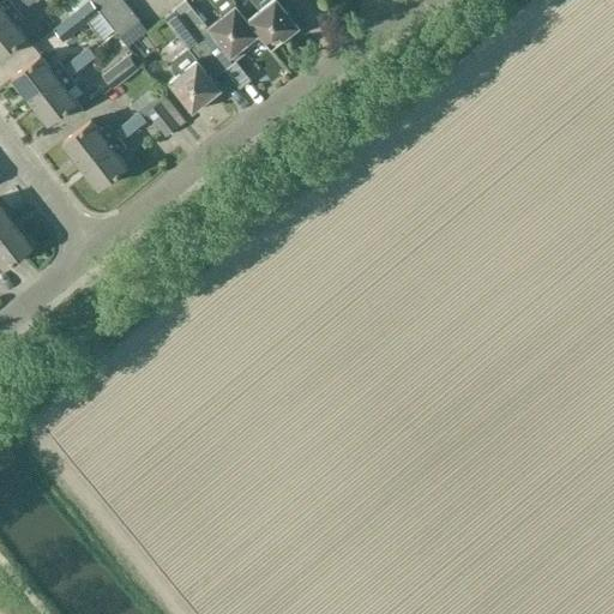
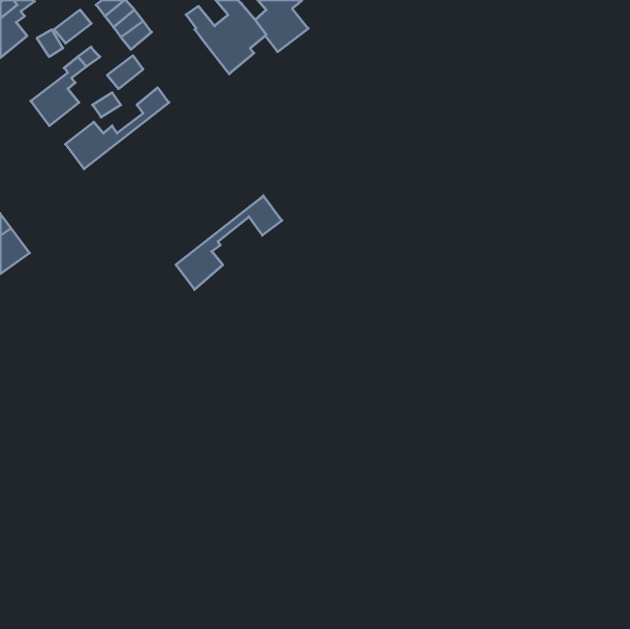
building: [169,40,223,113] -> none
building: [12,54,66,100] -> none
building: [82,98,185,189] -> [176,196,282,290]

